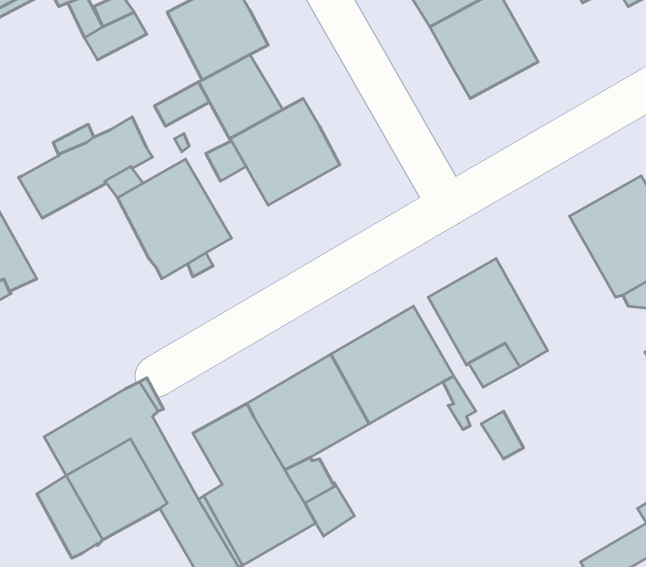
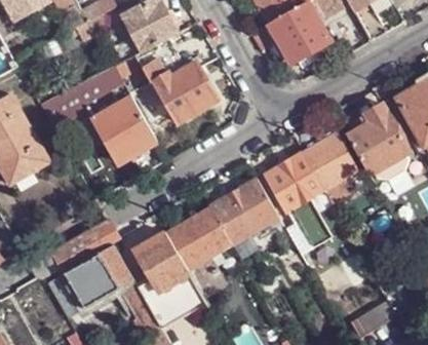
building: none -> [304,131,360,202]

